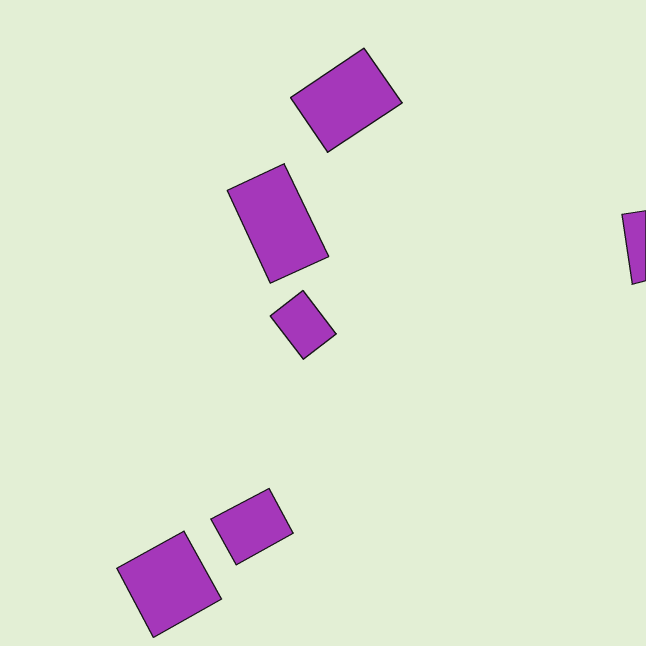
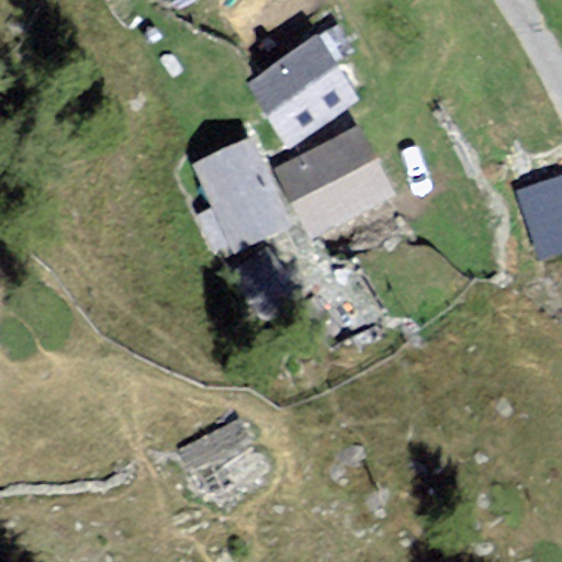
building: none -> [279,133,382,227]
building: [117,531,222,637] -> none

